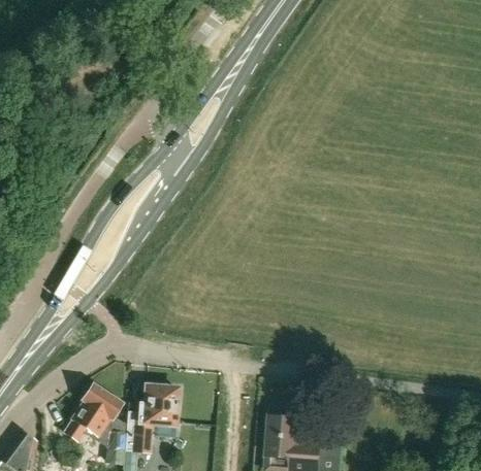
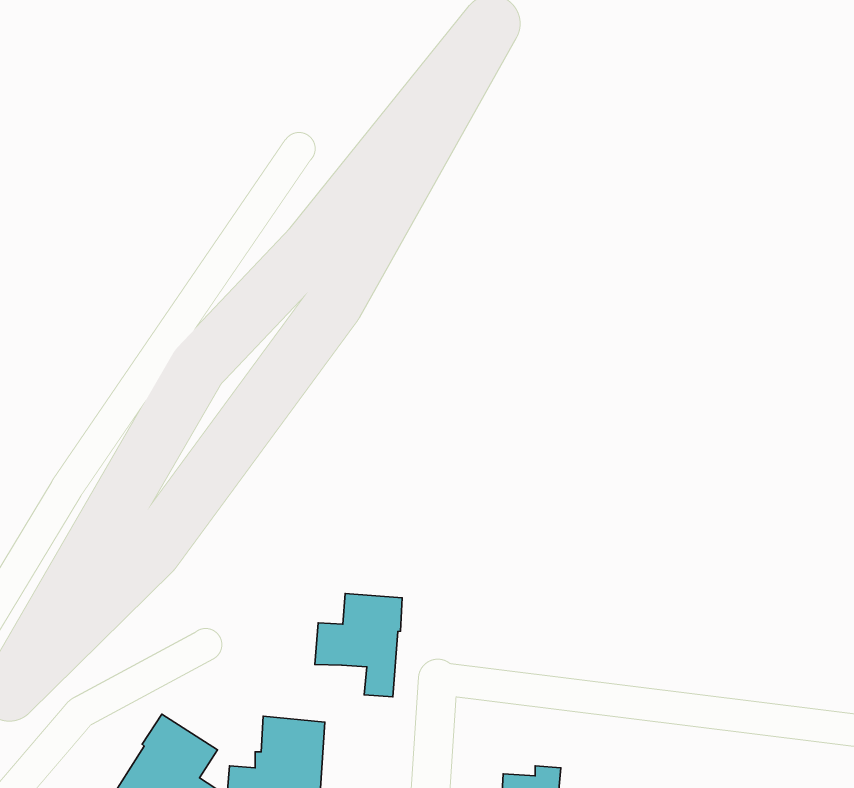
building: none -> [315,594,402,697]

